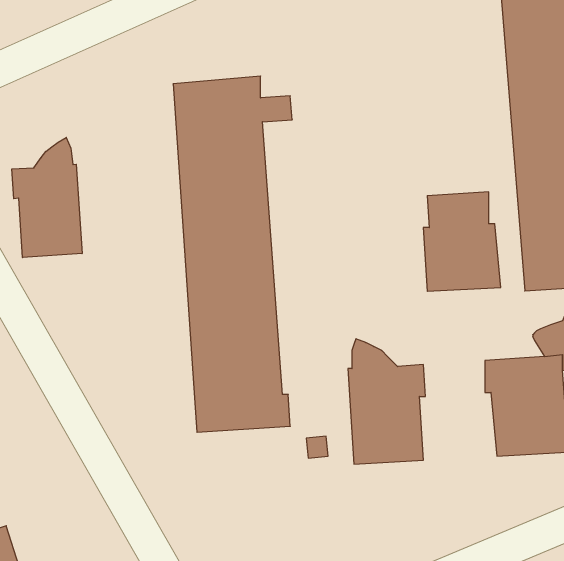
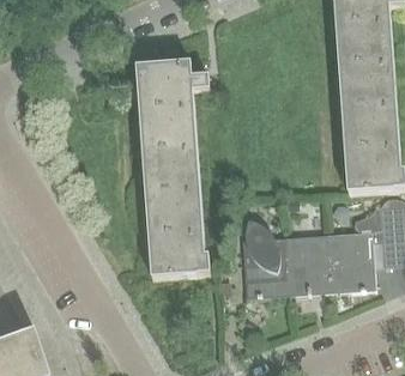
building: [12,137,82,258] -> none
building: [423,192,501,291] -> [285,234,332,293]

